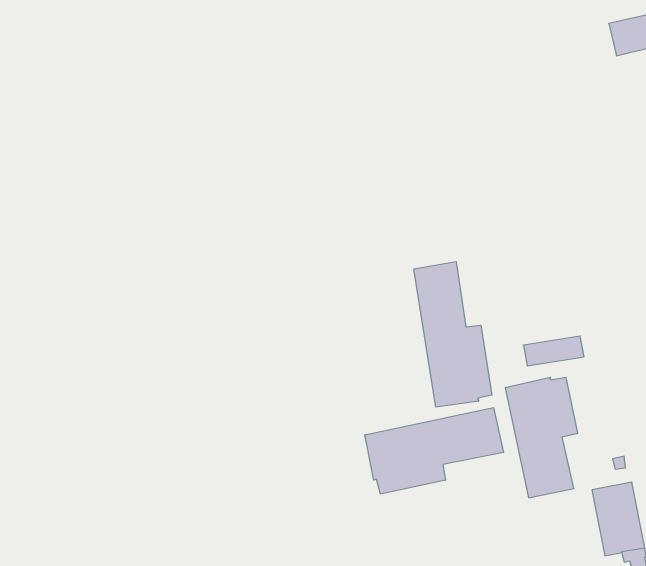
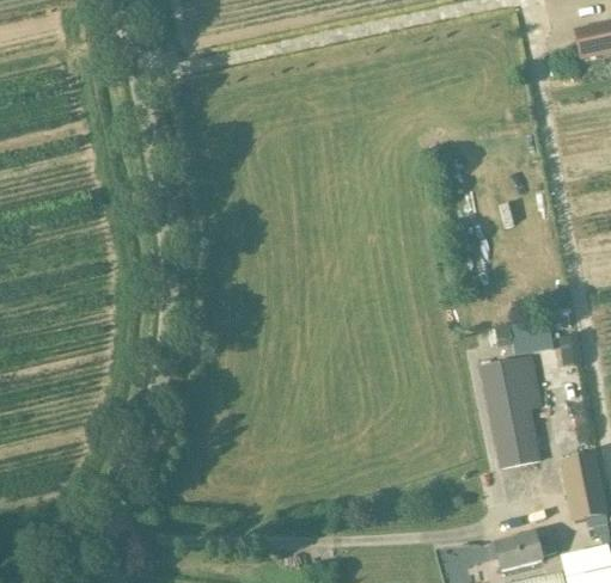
building: [414,262,492,407] -> none
building: [365,408,504,494] -> none

